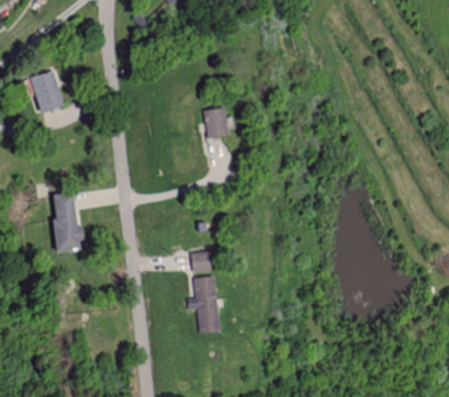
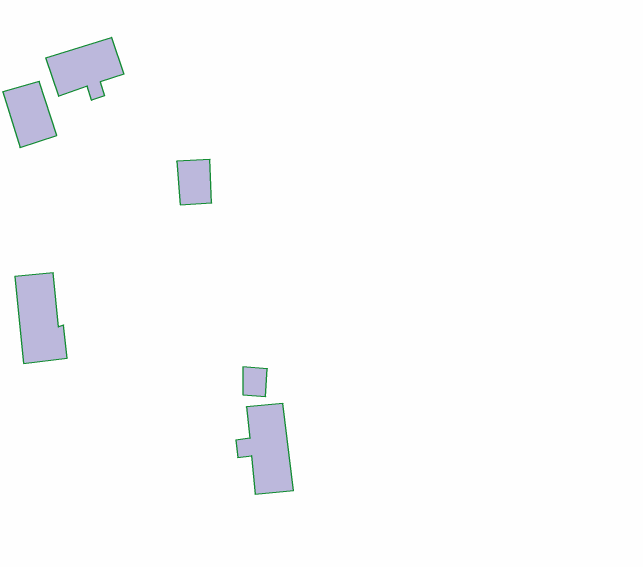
building: none -> [46,37,124,100]
building: [202,107,224,136] -> [177,159,212,205]

